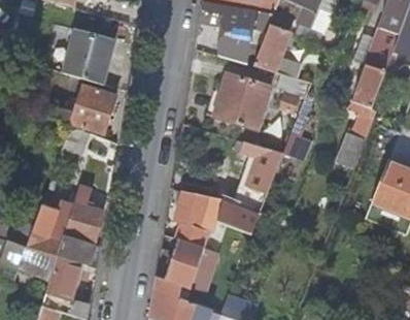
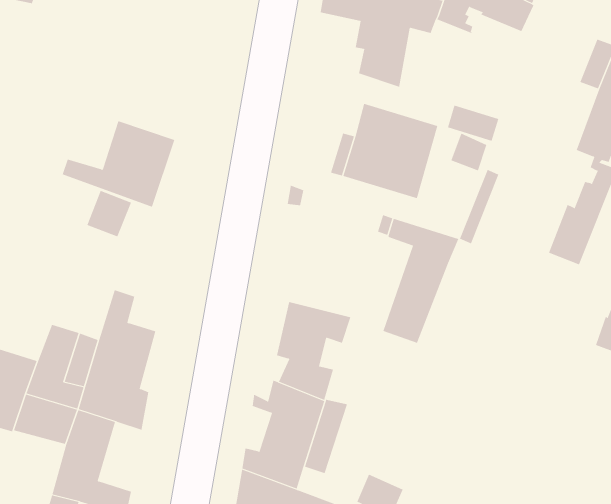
building: [252,24,291,72] -> none
building: [64,29,114,85] -> none

